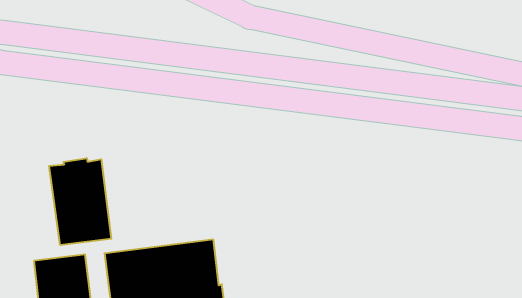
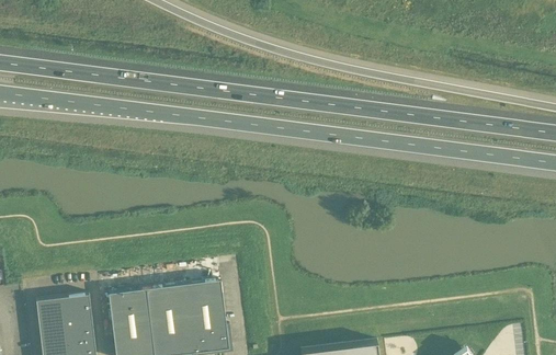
building: [49,158,111,245] -> none

